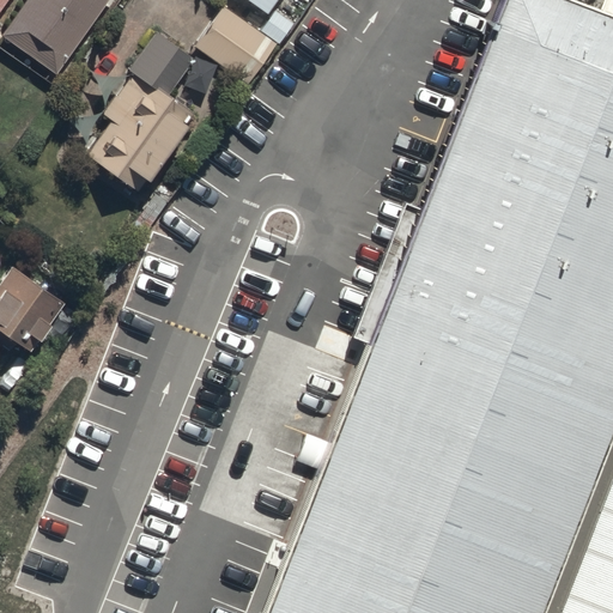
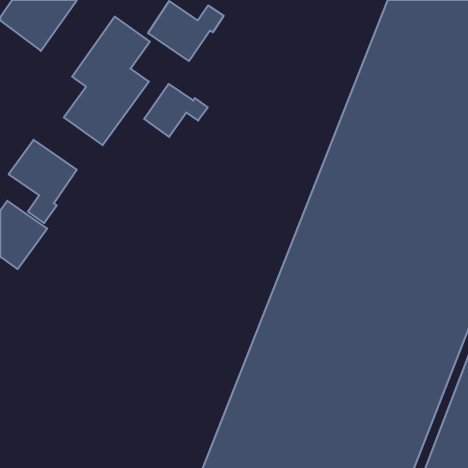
building: none -> [144,84,208,137]
building: none -> [9,140,77,223]

